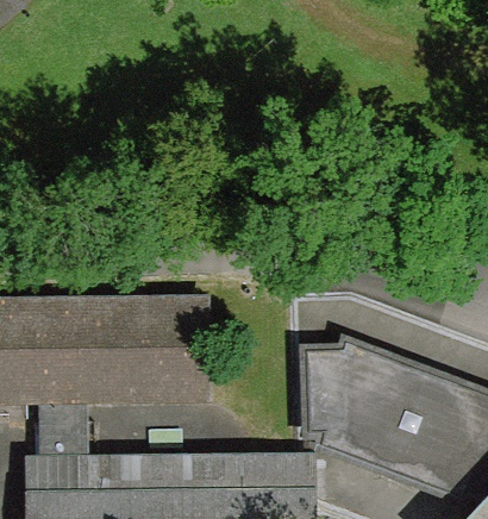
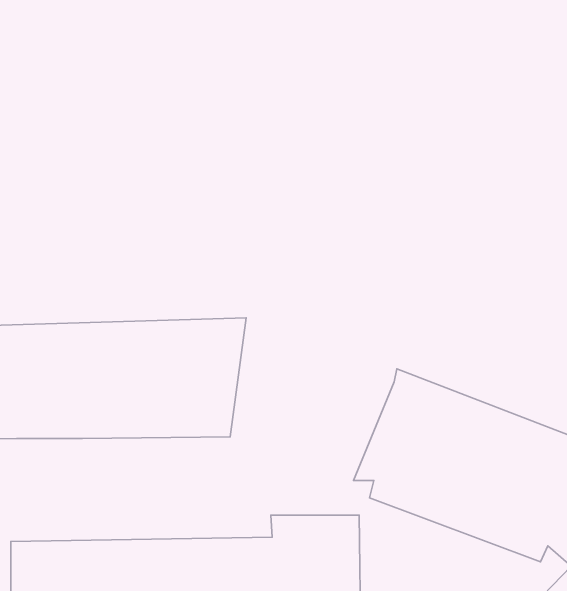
building: [24,390,238,475] -> none

